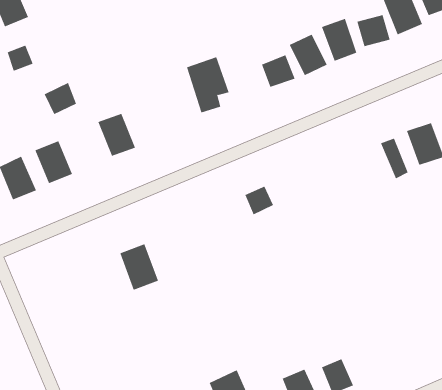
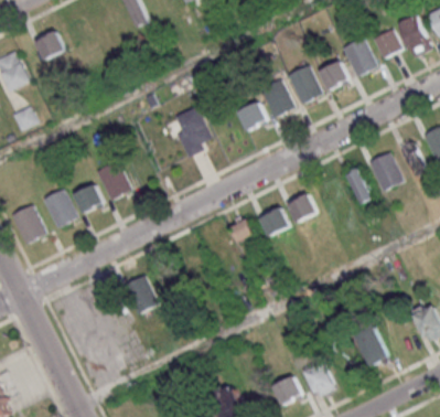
building: [44,82,77,115] -> [74,183,104,213]
building: none -> [287,193,318,223]
building: none -> [259,205,290,237]
building: none -> [358,327,389,366]

